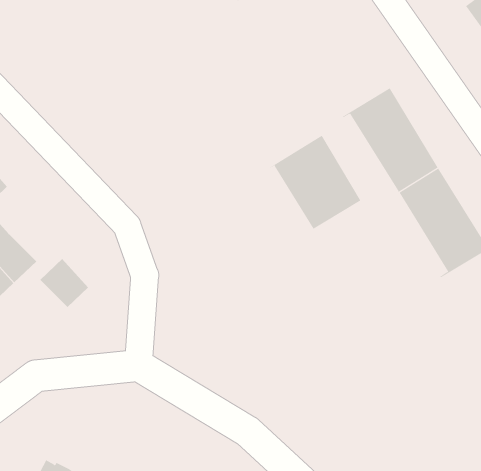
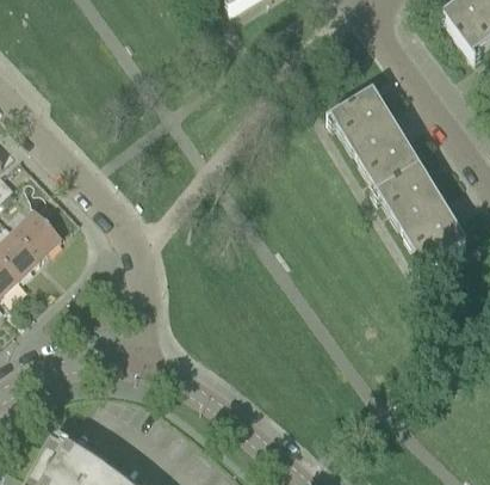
building: [265,135,361,235] -> none
building: [39,258,89,308] -> [17,210,63,257]

